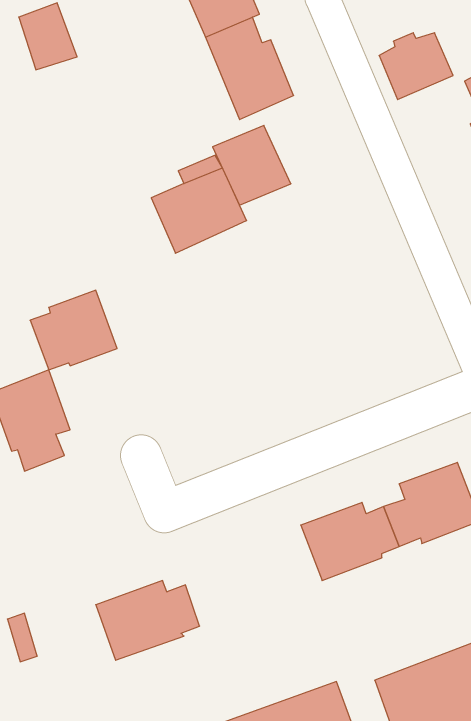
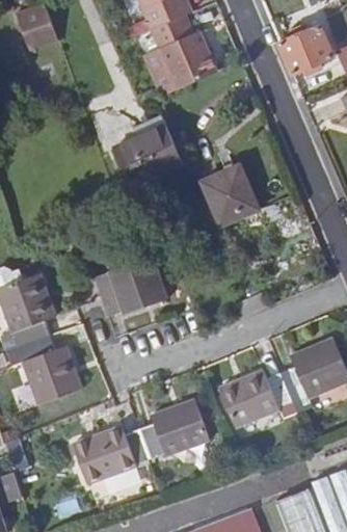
building: [213,125,291,205] -> [202,167,259,225]
building: [30,290,117,370] -> [95,258,158,316]
building: none -> [9,335,81,404]
building: none -> [138,401,209,459]

